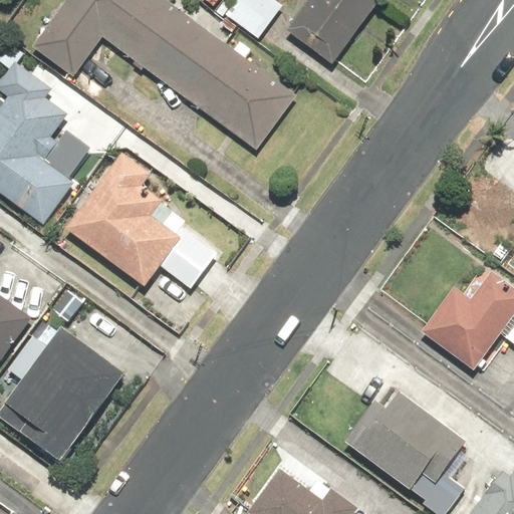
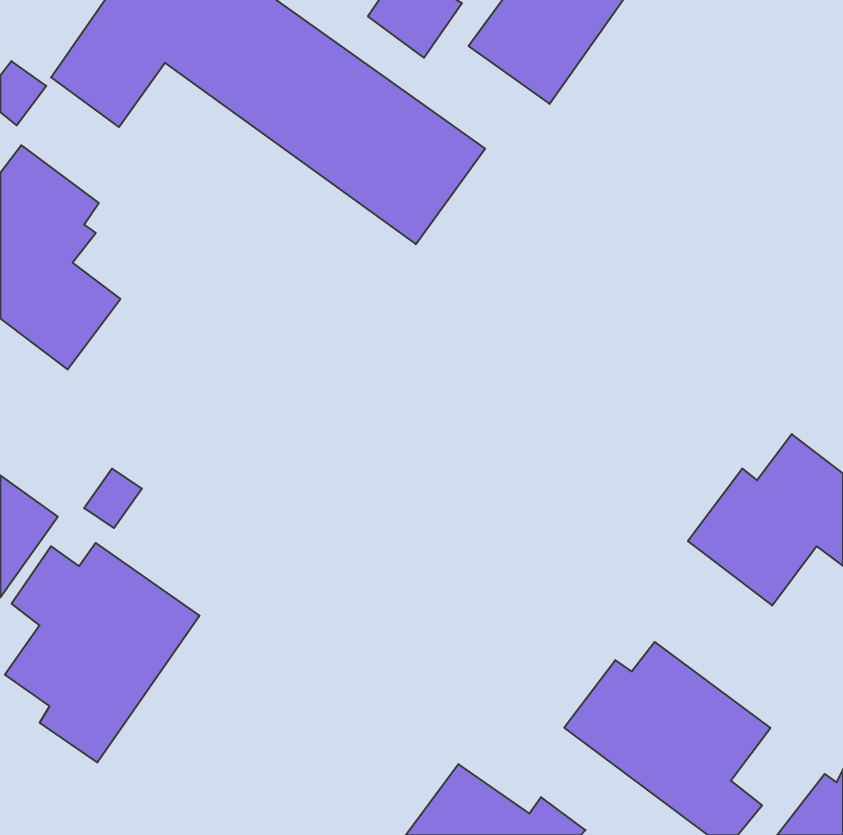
building: [63,150,218,290] -> none

